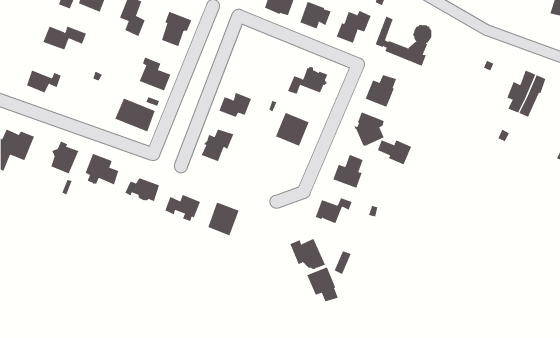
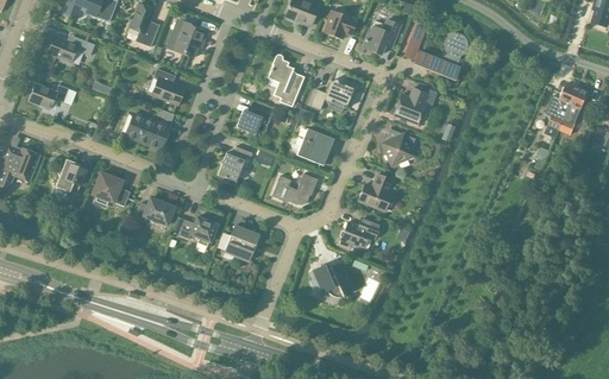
building: none -> [268,53,304,107]
building: [377,139,412,165] -> none
building: none -> [272,173,319,204]
building: [307,267,339,302] -> none

